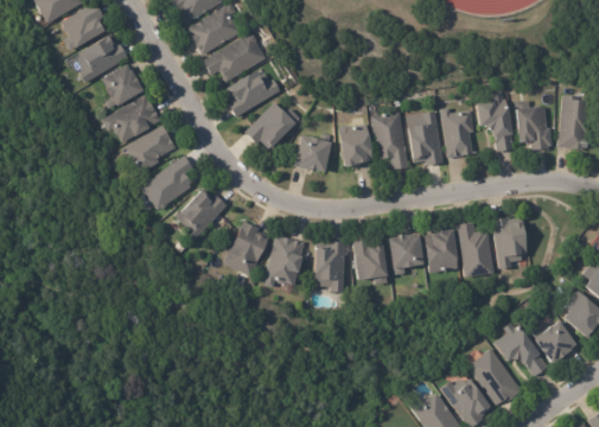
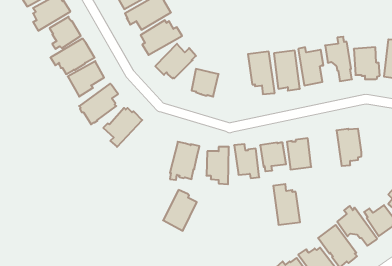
building: [338,123,371,168] -> none
building: [223,221,269,276] -> [163,190,197,231]
building: [458,222,495,278] -> [273,184,300,225]

